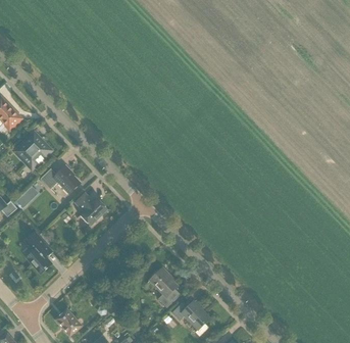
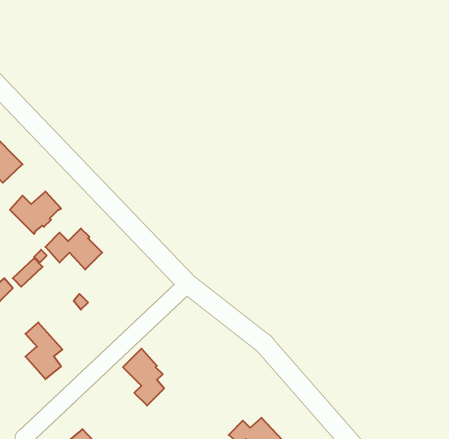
building: [73,192,107,226] -> none
building: [149,266,179,307] -> [123,349,164,406]

